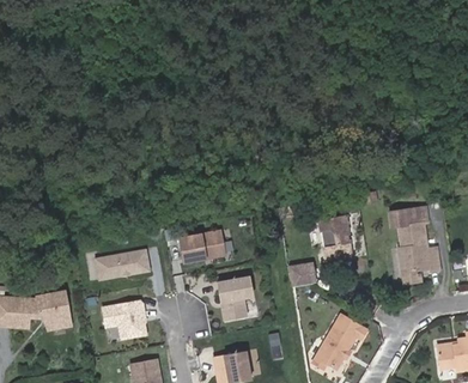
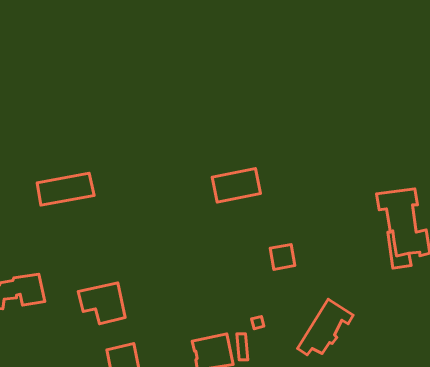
building: [318,212,350,256] -> none
building: [176,229,223,261] -> [212,169,261,202]
building: [92,248,147,279] -> [37,173,94,205]
building: [215,275,250,318] -> none

